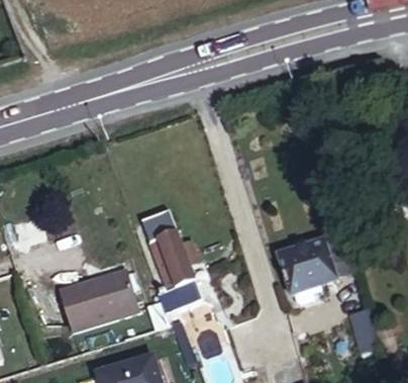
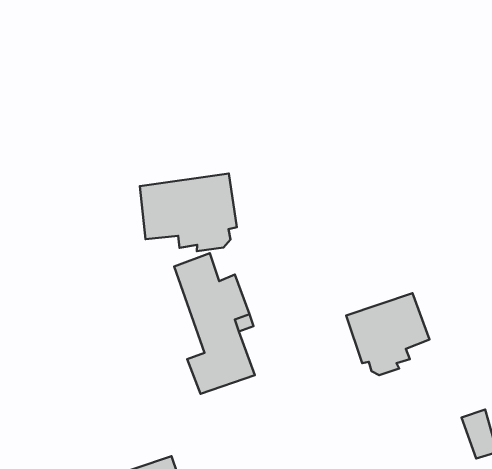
building: none -> [140,174,237,251]
building: [55,275,132,331] -> none

